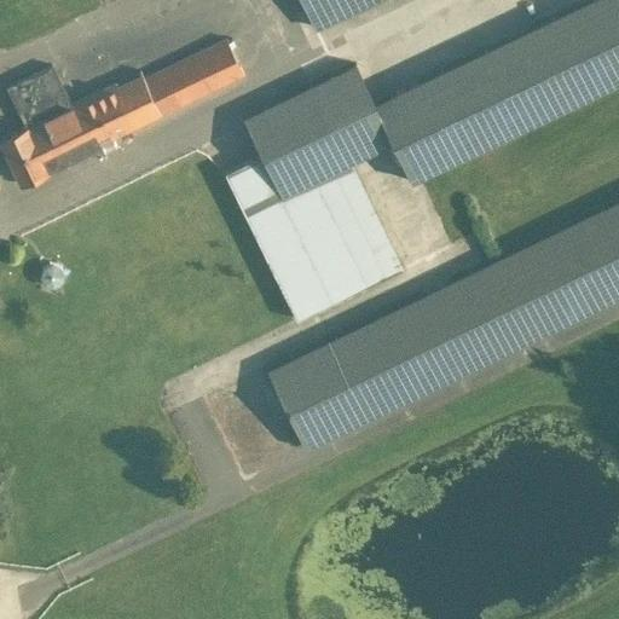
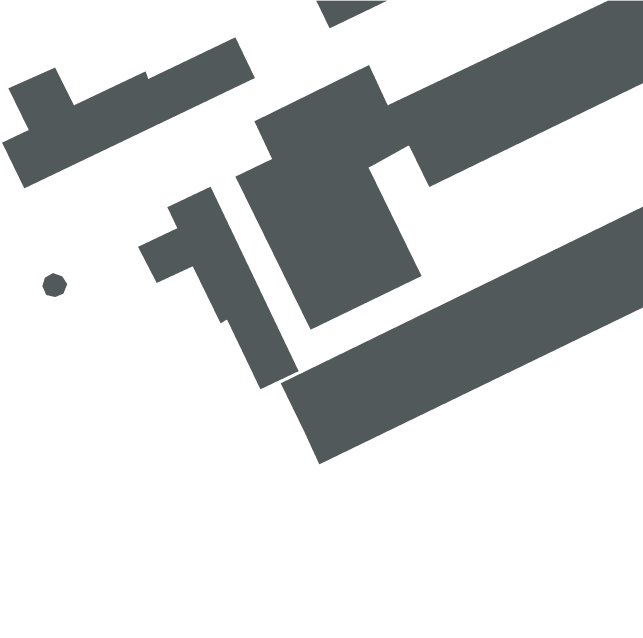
building: none -> [137,186,300,390]

